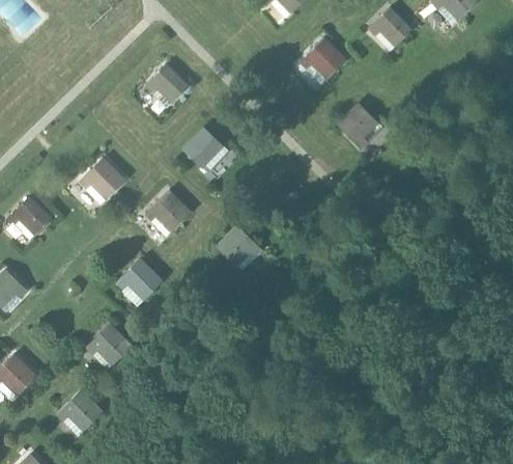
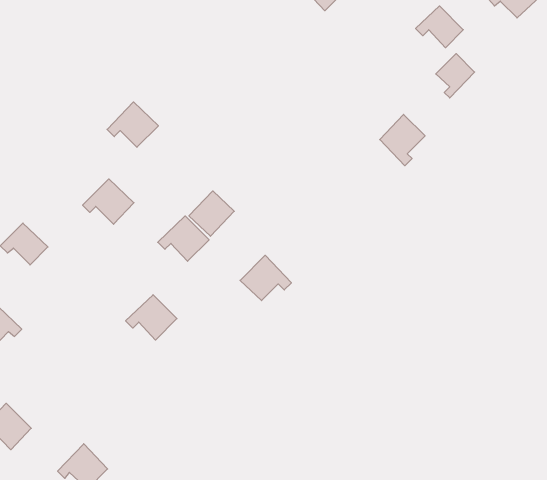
building: [301,38,345,79] -> none
building: none -> [436,54,475,98]
building: [143,64,188,104] -> [107,102,158,147]
building: [183,128,223,167] -> [189,191,234,236]
building: [87,324,131,363] -> none

